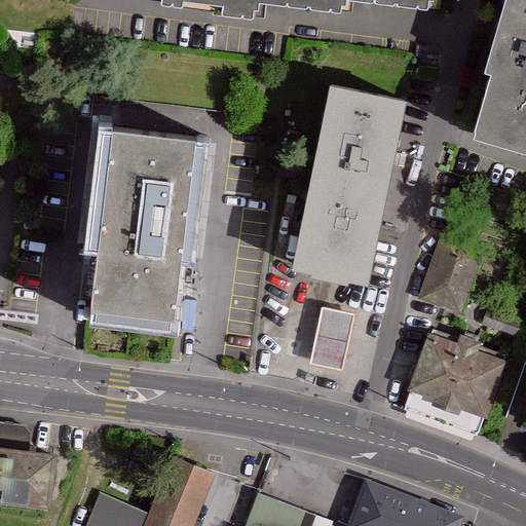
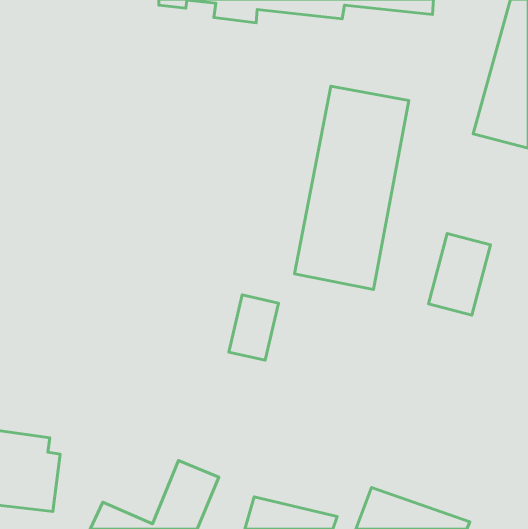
building: [82,130,197,324] -> none
building: [304,301,353,366] -> [229,295,279,360]
building: [406,341,502,437] -> none

